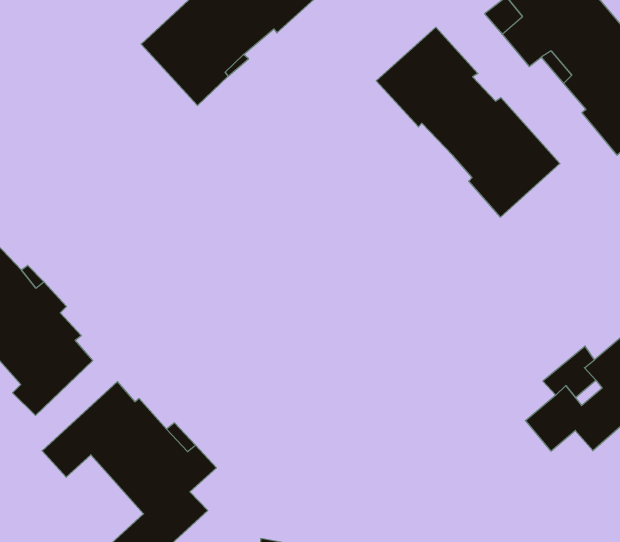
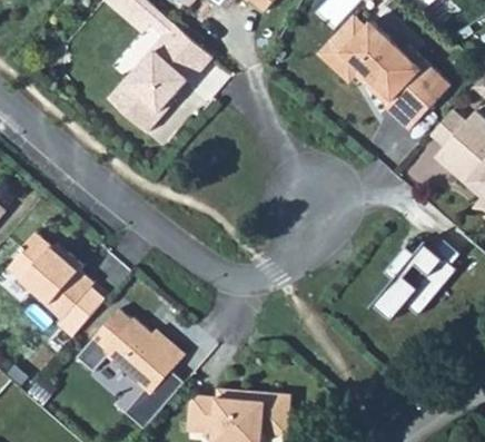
building: [376,27,560,217] -> none

